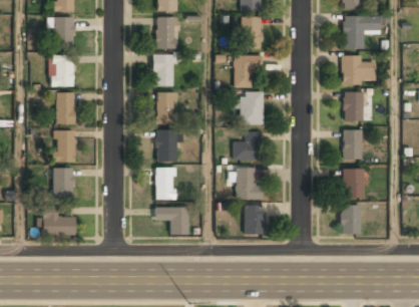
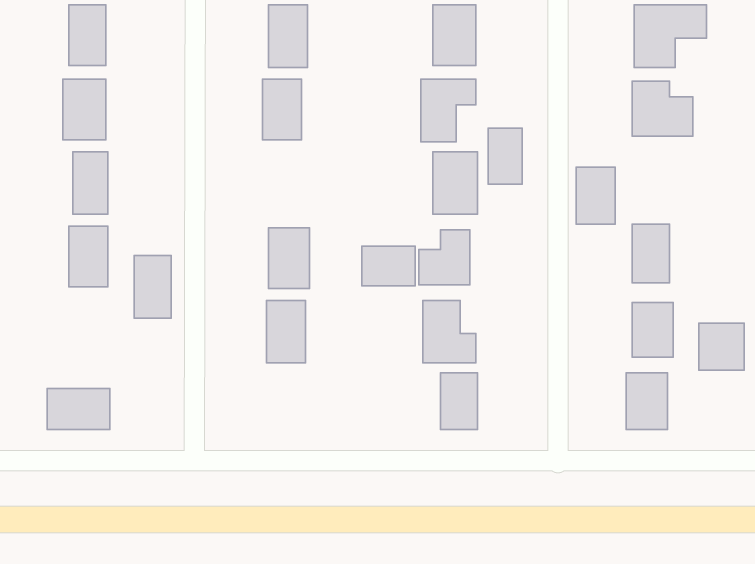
building: none -> [488,128,522,184]
building: [343,91,363,120] -> [576,167,615,224]
building: [156,93,174,124] -> none
building: none -> [362,246,415,286]
building: [54,169,73,201] -> [134,255,171,318]
building: none -> [699,323,744,370]
building: [155,207,188,236] -> none

